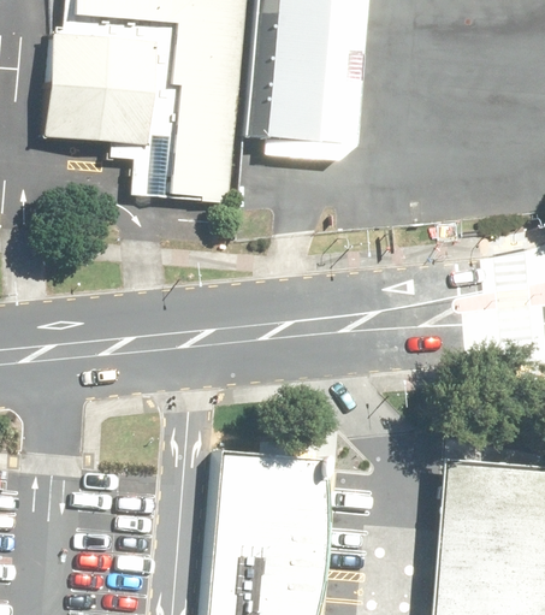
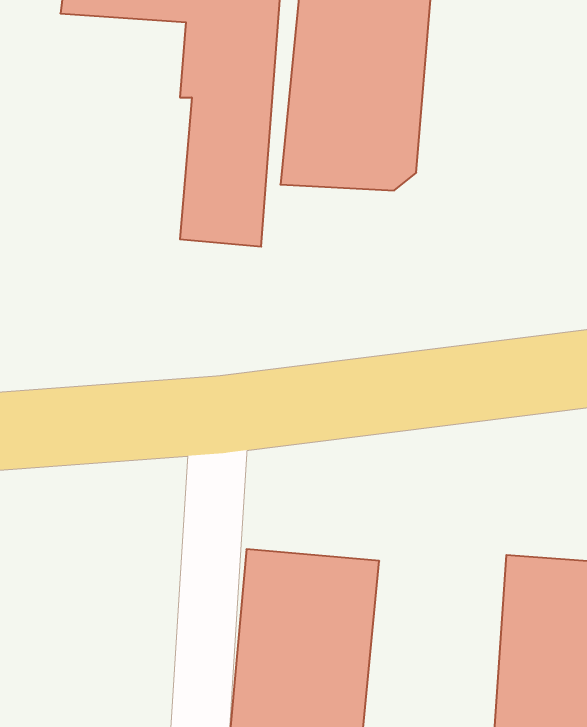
building: [47,16,178,200] -> none

